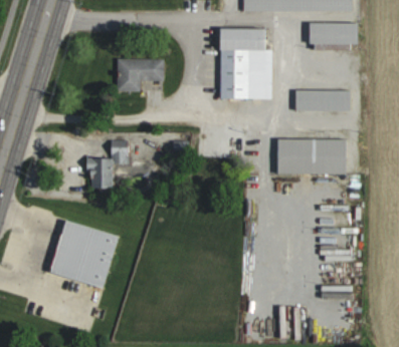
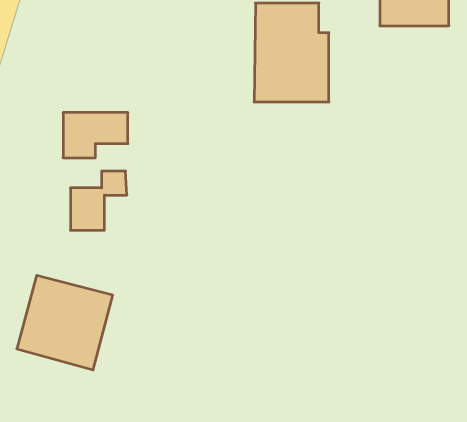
building: [118,58,164,90] -> [63,113,128,158]
building: [295,90,350,111] -> none
building: [277,140,346,175] -> none

